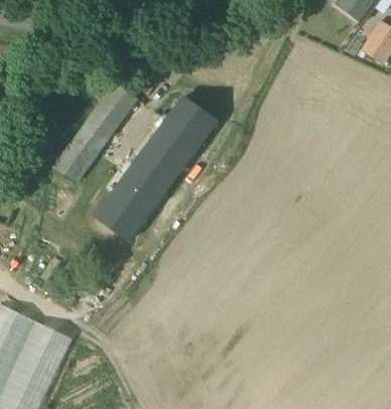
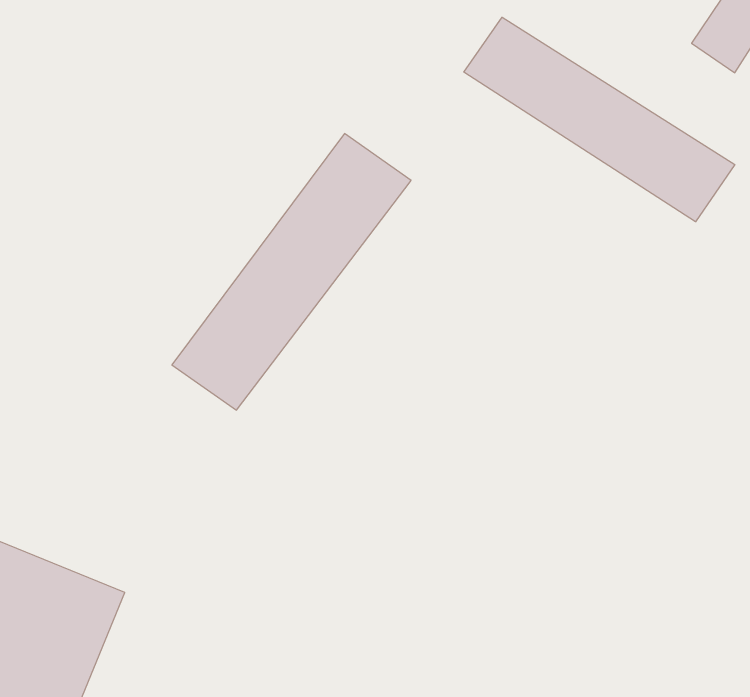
building: none -> [464,17,735,222]
building: [54,85,135,186] -> none

